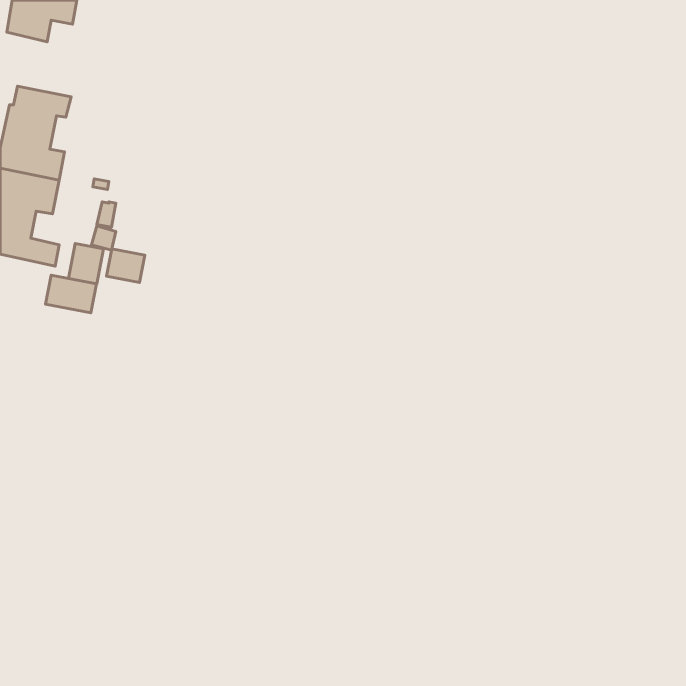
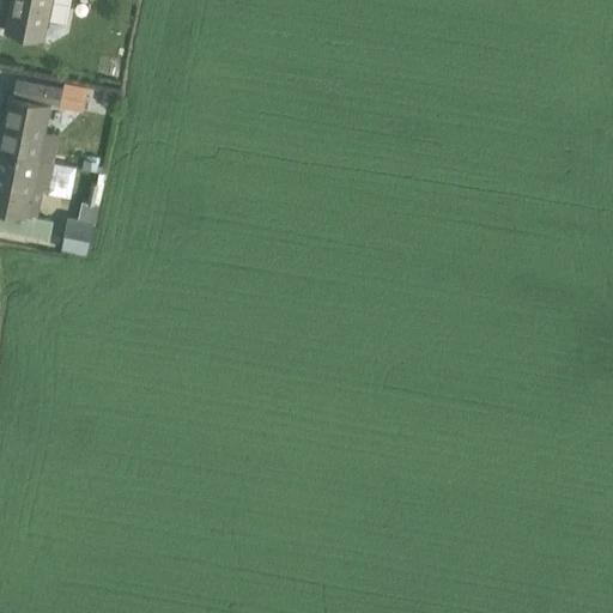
building: [107,249,145,282] -> none
building: [46,275,96,313] -> none

